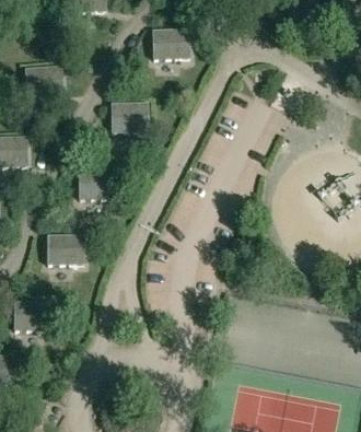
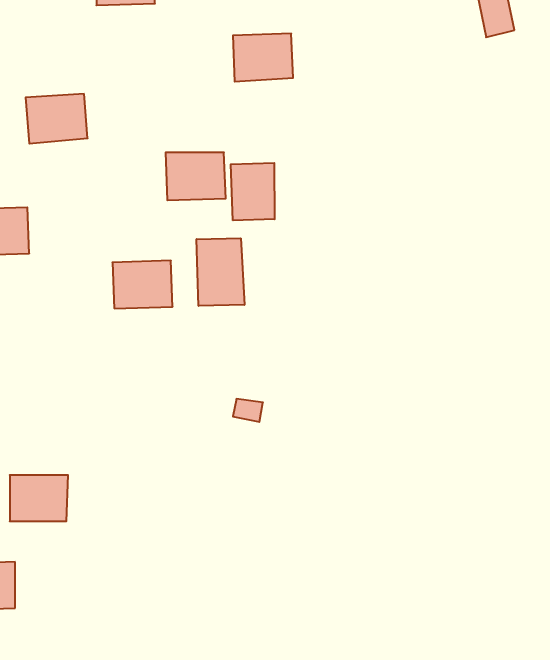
building: none -> [231,163,275,220]
building: none -> [197,238,244,306]
building: [48,234,84,264] -> none

